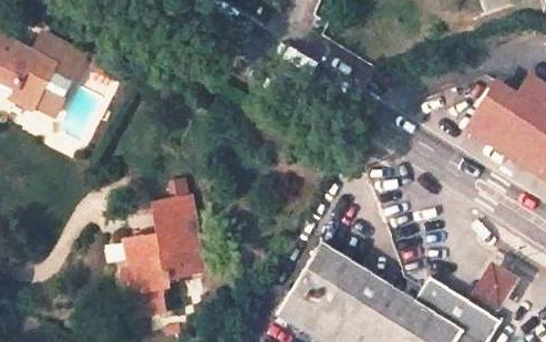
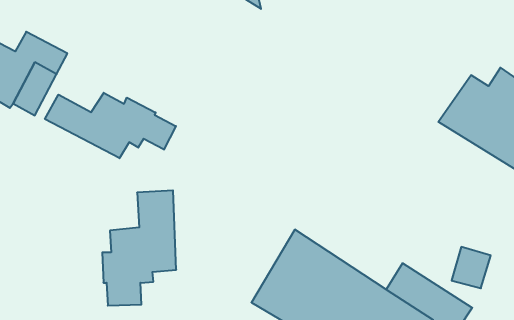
building: none -> [45,93,176,158]

